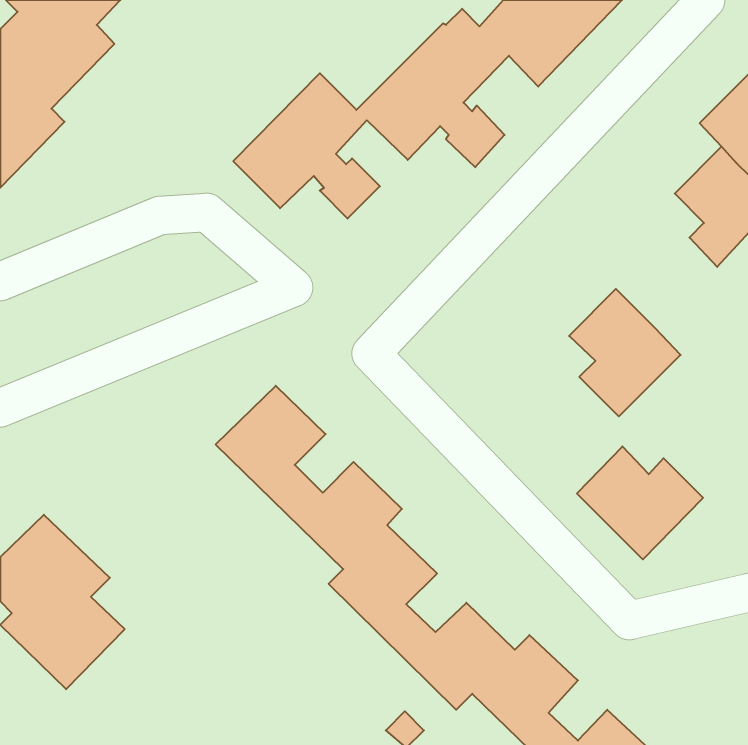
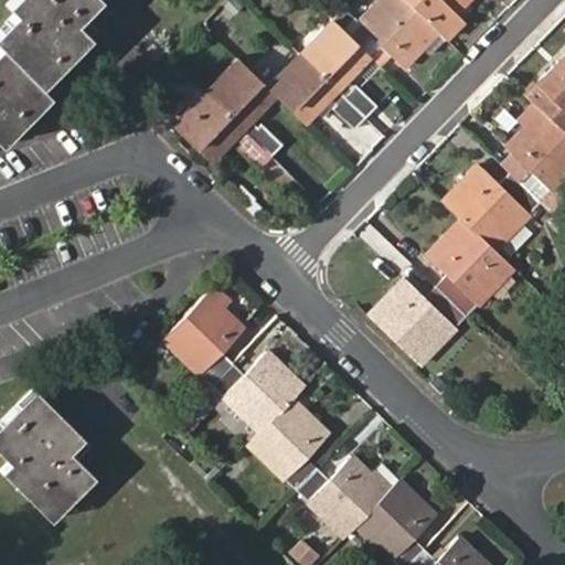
building: none -> [446,168,553,250]
building: [577,446,703,559] -> [372,278,467,363]

